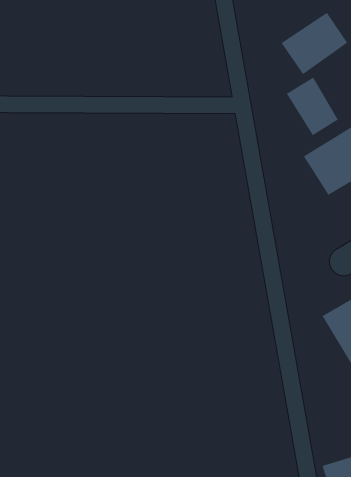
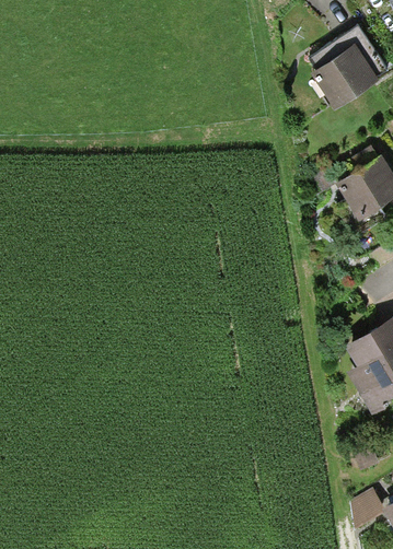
building: [286,77,339,136] -> none

